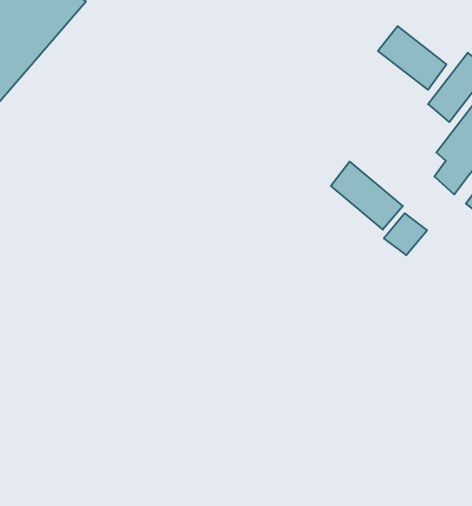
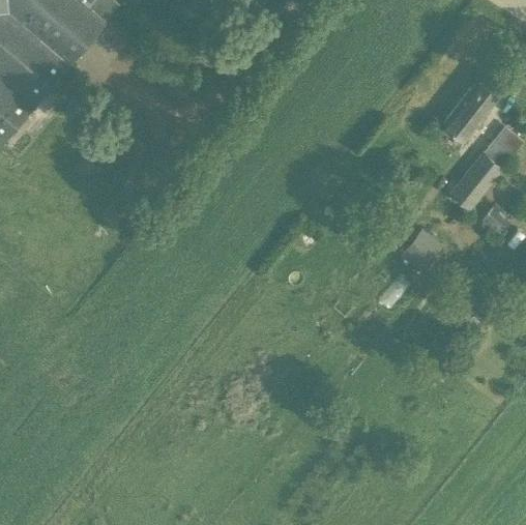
building: [378,26,446,90] -> none
building: [331,162,403,230] -> none

